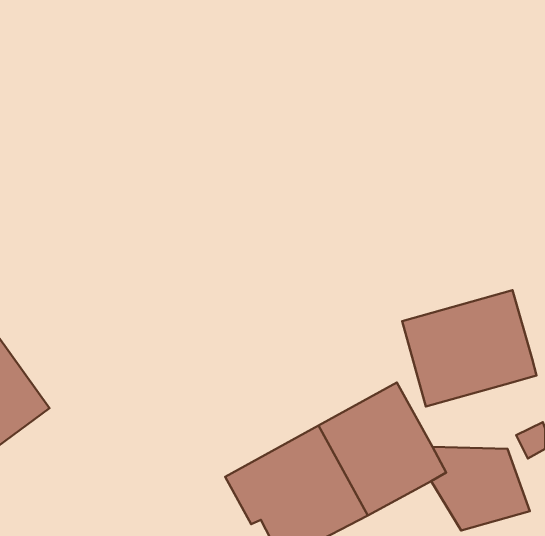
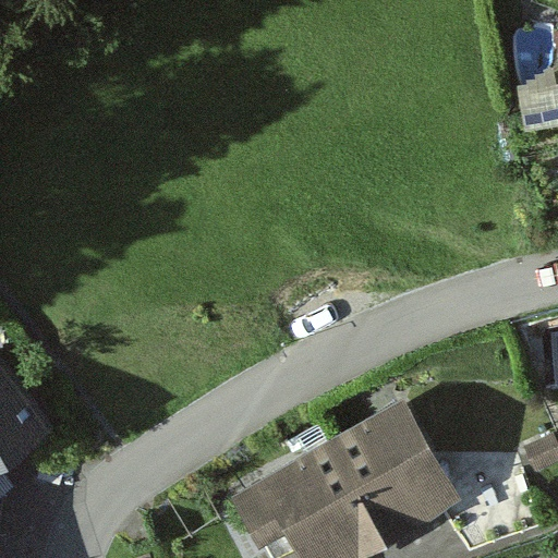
building: [402,290,536,407] -> none

